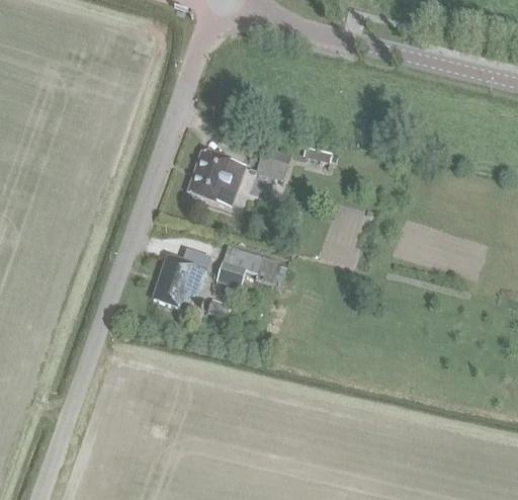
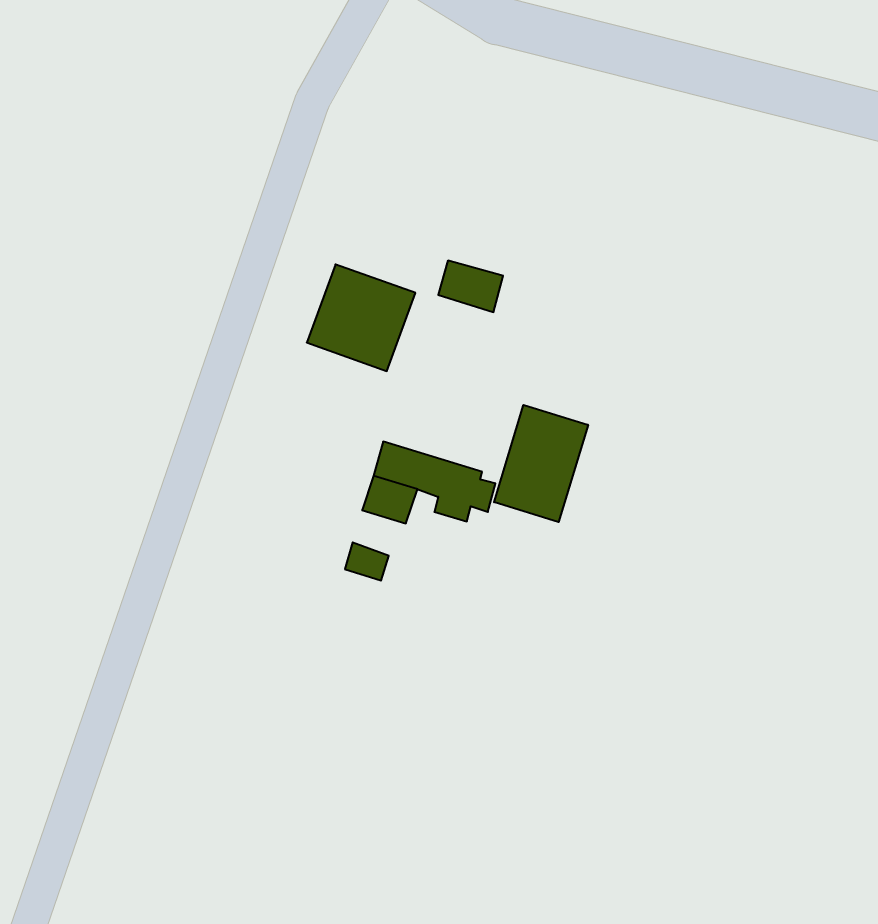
building: none -> [494,405,588,522]
building: [154,255,209,311] -> none

